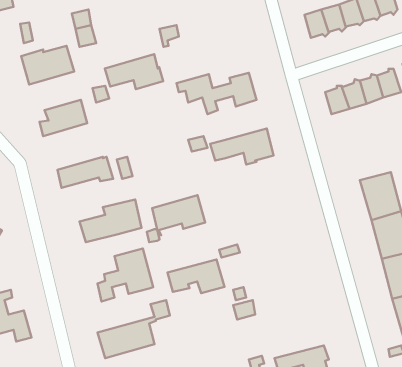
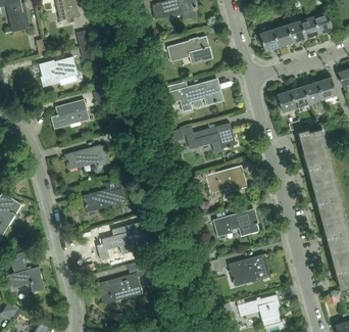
building: [105,54,163,89] -> [167,36,213,63]
building: none -> [296,128,329,163]
building: [152,195,205,235] -> [206,164,248,196]
building: [167,260,224,293] -> [214,209,259,236]
building: none -> [229,254,270,285]

